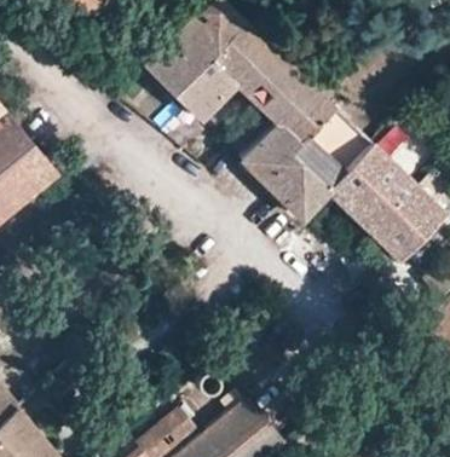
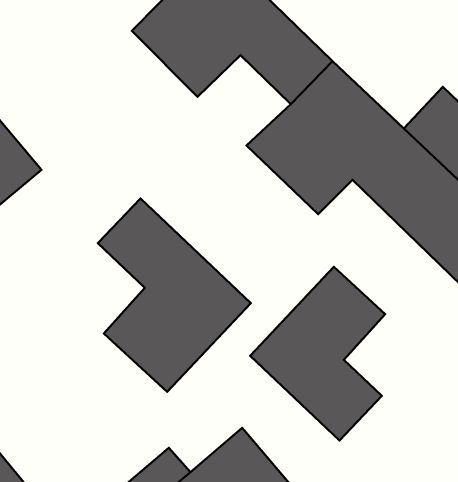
building: none -> [98,199,251,392]
building: none -> [250,267,385,441]

